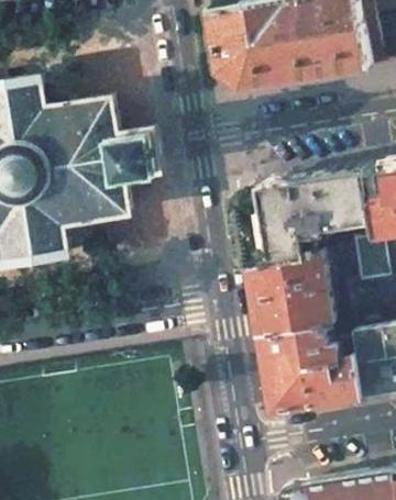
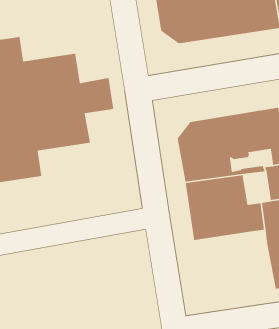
building: [262,329,365,415] -> none

